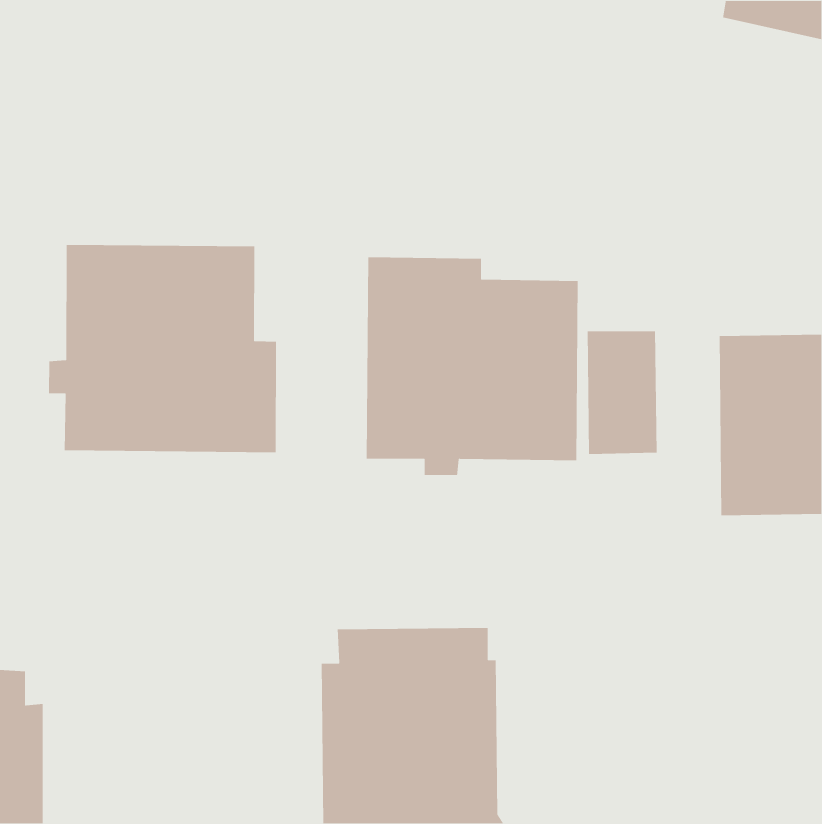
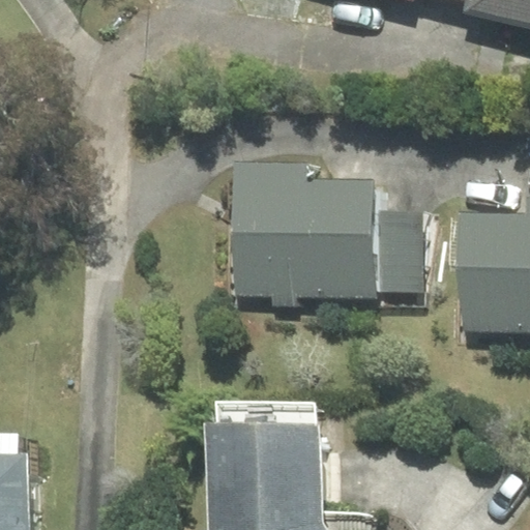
building: [48,244,277,453] -> none

